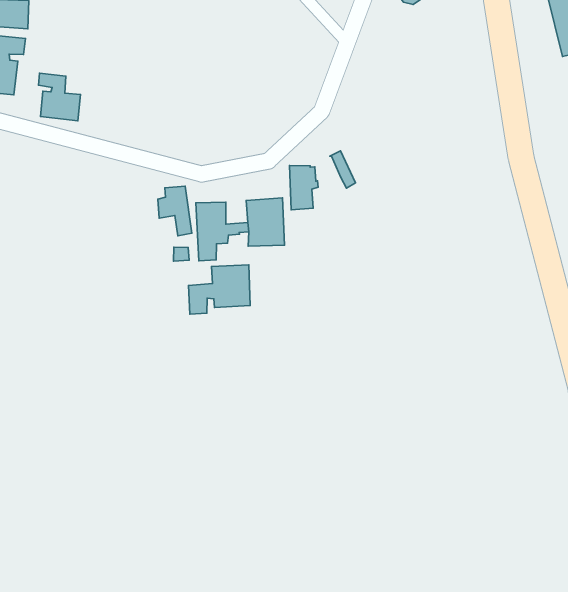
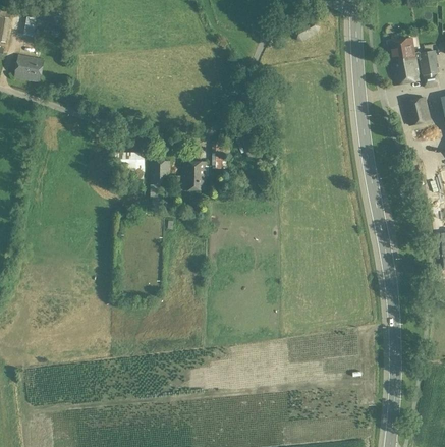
building: [39,73,81,121] -> none
building: [189,265,250,314] -> none

